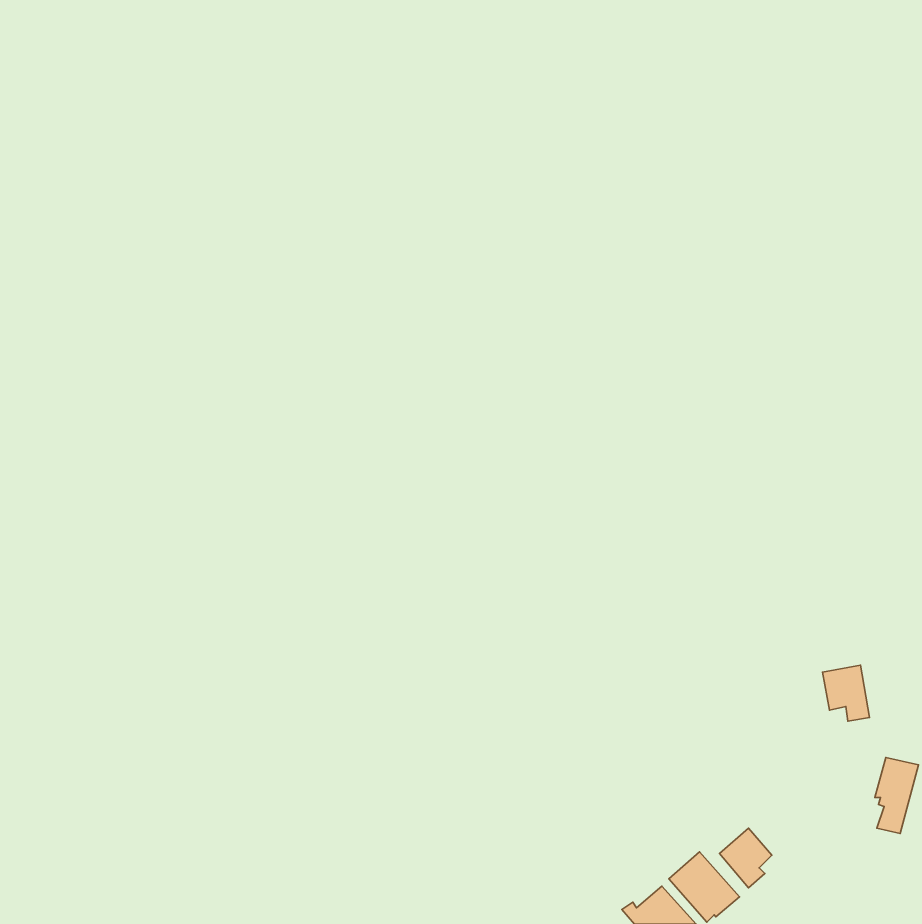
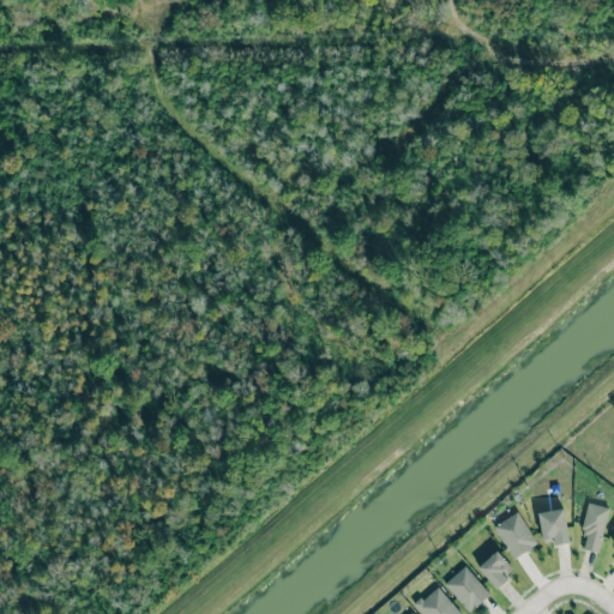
building: [822,665,869,721] -> [538,508,570,546]
building: none -> [493,510,538,560]

